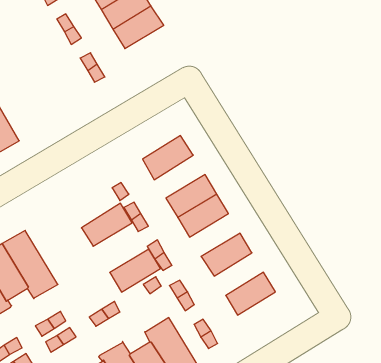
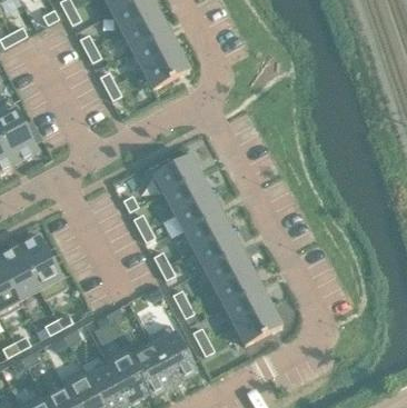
building: none -> [141,49,189,88]
building: [81,203,132,246] -> [162,172,210,211]
building: [110,249,161,292] -> [192,229,240,268]
building: none -> [214,267,260,306]
building: none -> [234,305,281,345]

